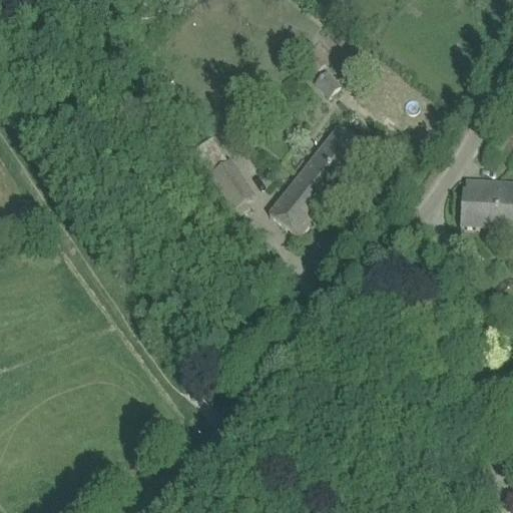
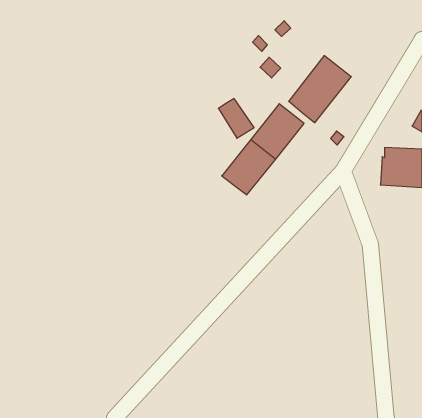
building: none -> [289,56,351,123]
building: [207,158,250,206] -> [218,99,254,138]

